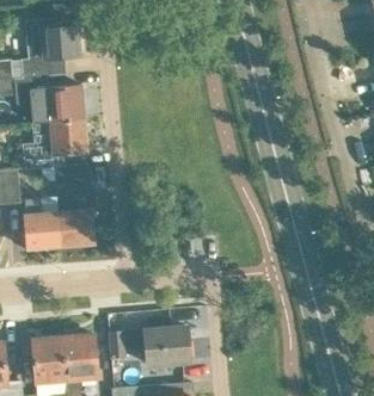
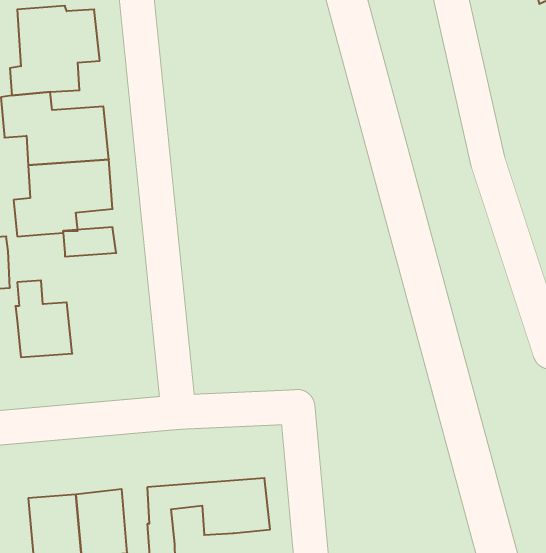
building: [57,193,94,246] -> none

